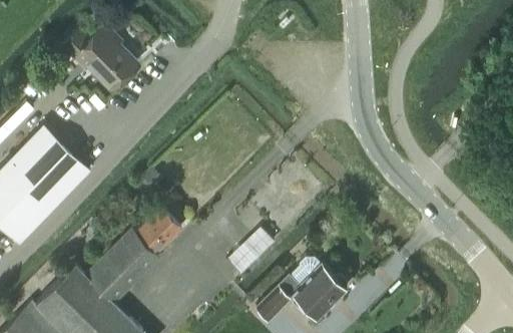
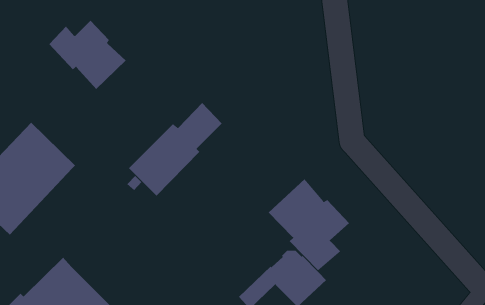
building: none -> [268,178,350,271]
building: [84,208,181,305] -> [128,102,222,196]

